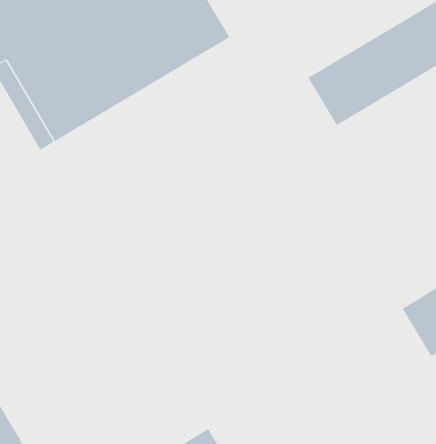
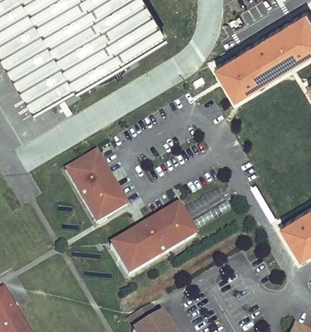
building: none -> [66,151,128,222]
building: none -> [111,205,196,275]

